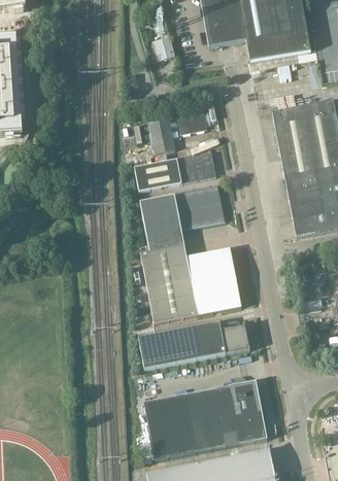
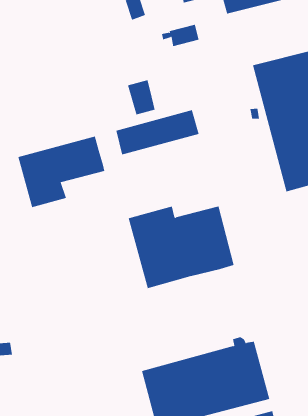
building: [169,111,206,132] -> [161,24,200,47]
building: [139,184,224,250] -> [17,136,105,208]
building: [138,319,249,368] -> none

